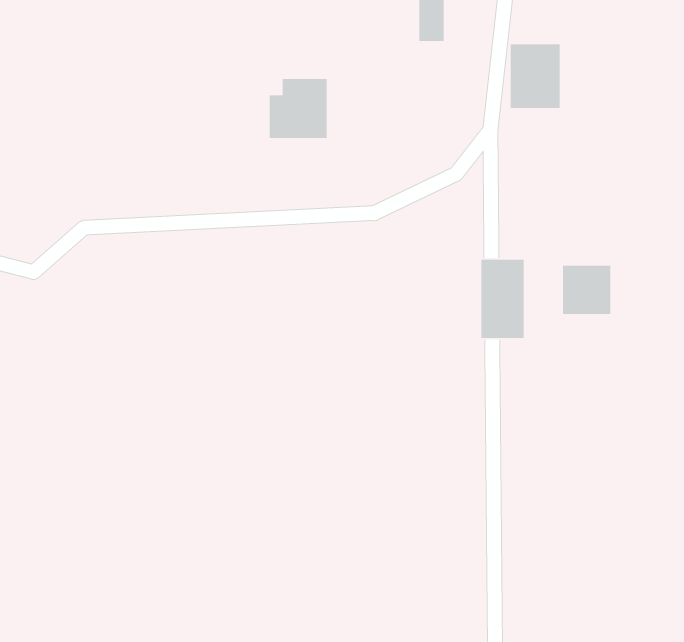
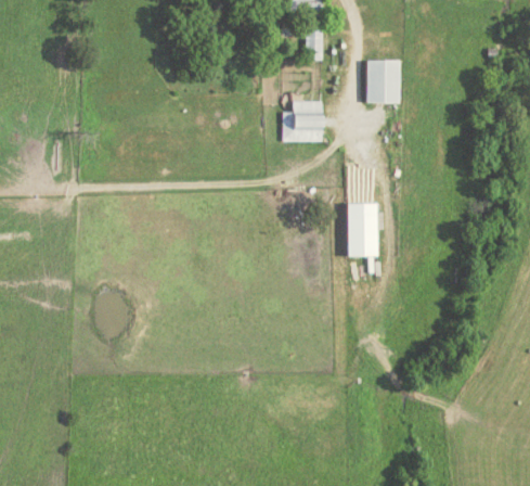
building: [269,78,328,139] -> [284,101,323,141]
building: [562,265,611,315] -> none

